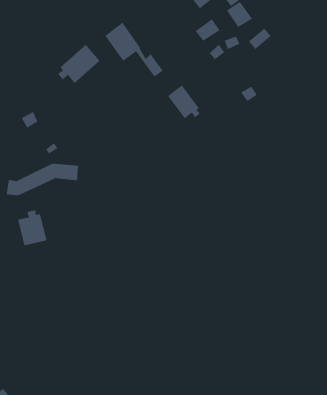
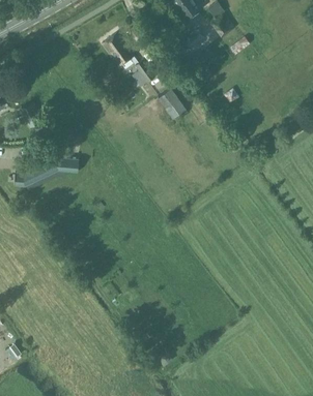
building: [57,44,100,84] -> none
building: [17,209,47,246] -> none

